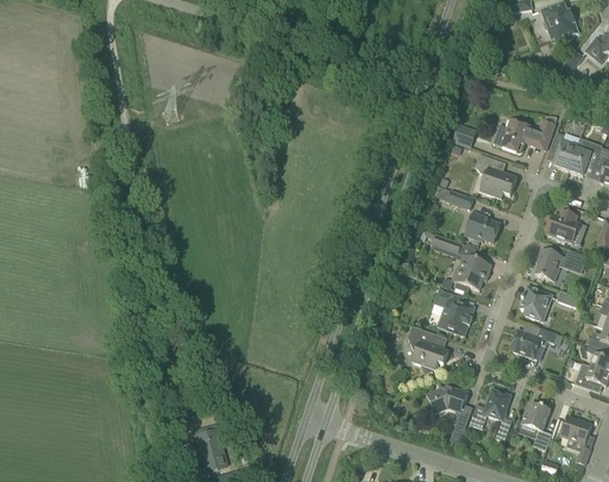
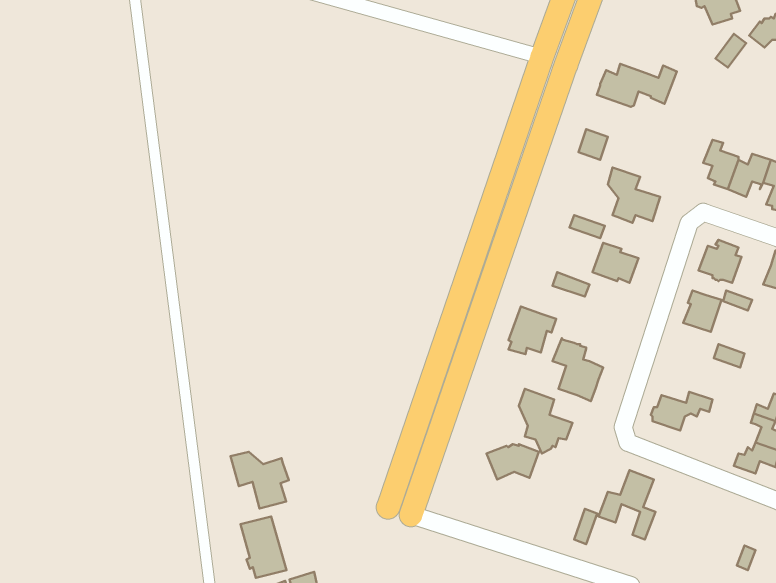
building: [492,118,554,151] -> [597,64,677,107]
building: [454,253,491,290] -> [509,306,556,354]
building: [520,286,553,320] -> none
building: none -> [230,452,289,509]
building: [427,386,467,413] -> [487,444,539,479]
building: [521,402,552,450] -> none
building: [560,415,591,443] -> none

